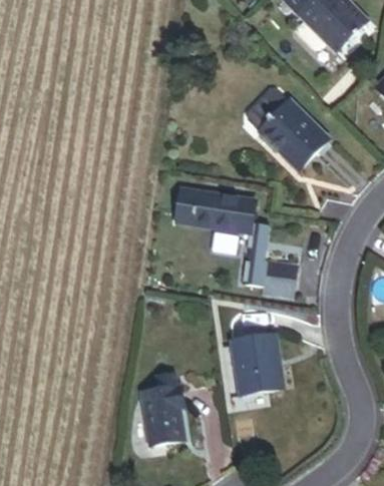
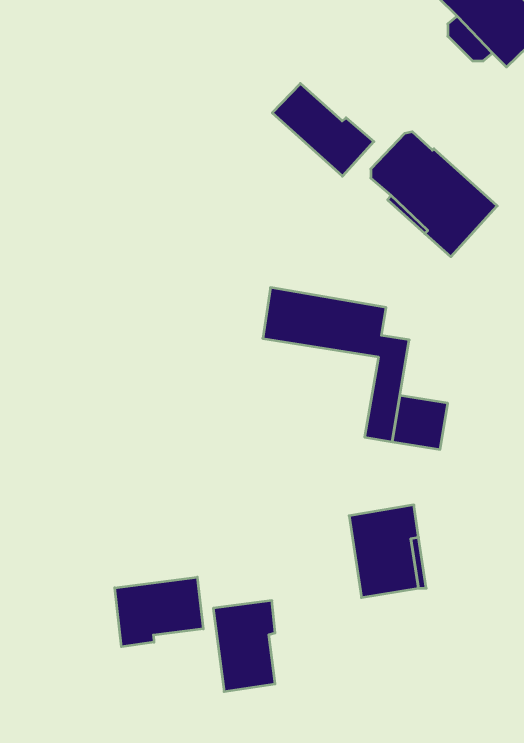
building: none -> [272,83,374,176]
building: none -> [115,577,203,647]

